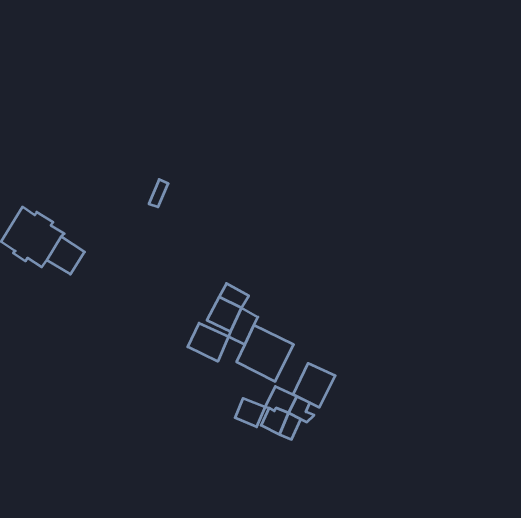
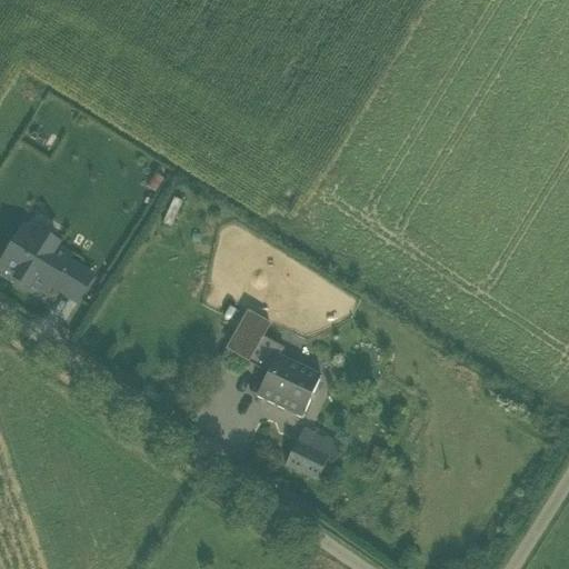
building: [188,323,228,361] -> none
building: [293,363,335,407] -> none
building: [235,398,265,427] -> none

